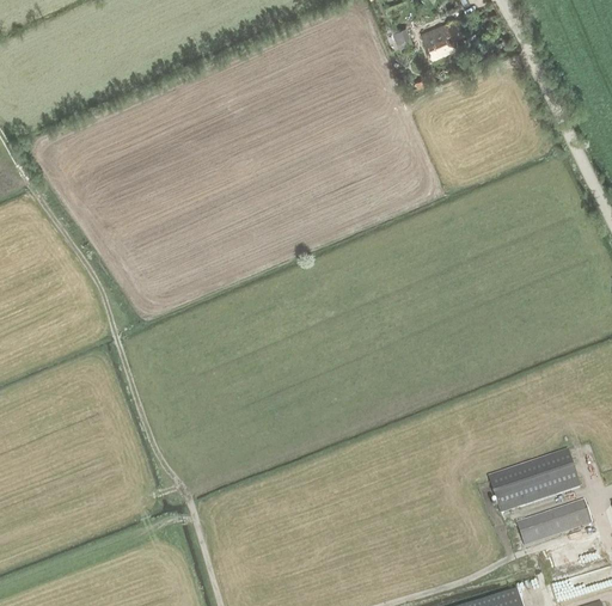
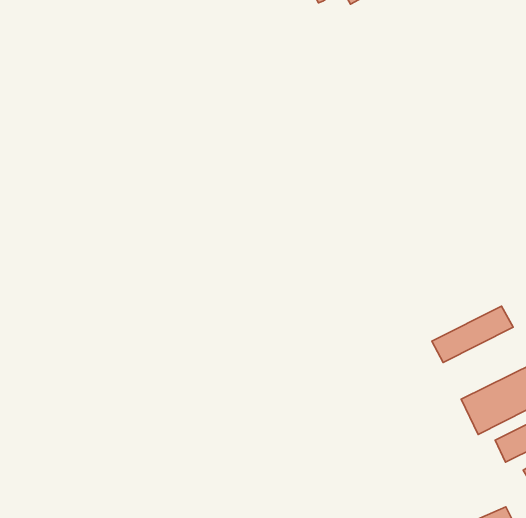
building: none -> [432,306,513,363]

